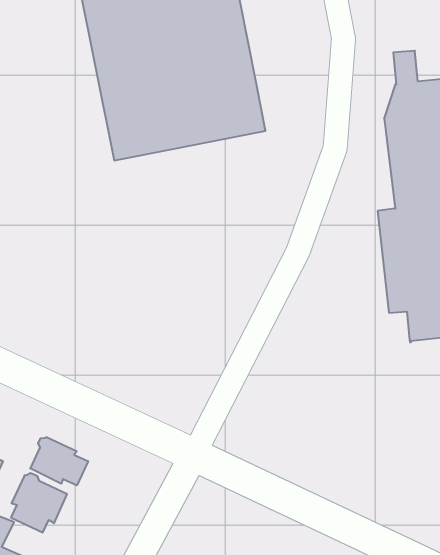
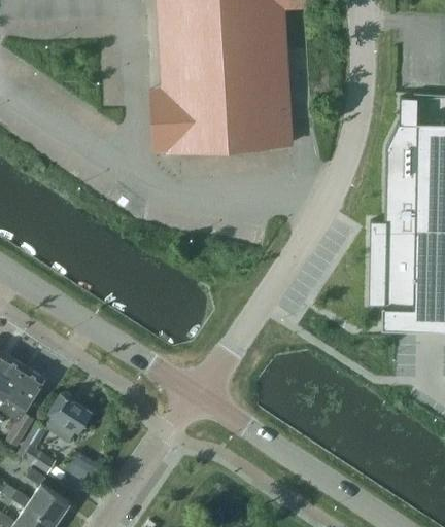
building: [30,437,88,485] -> none

